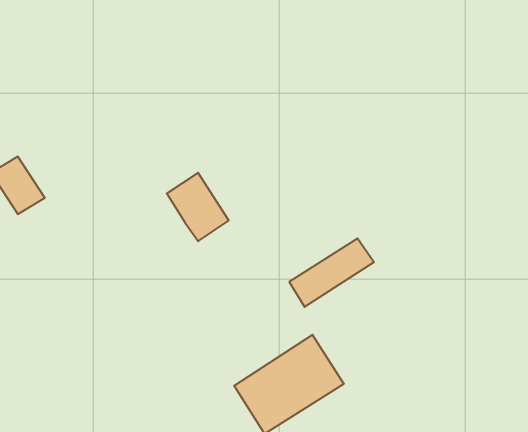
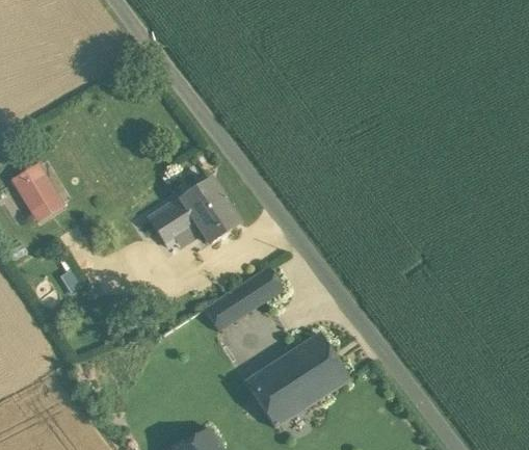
building: none -> [149,198,197,246]
building: [289,238,374,307] -> [203,267,284,333]

